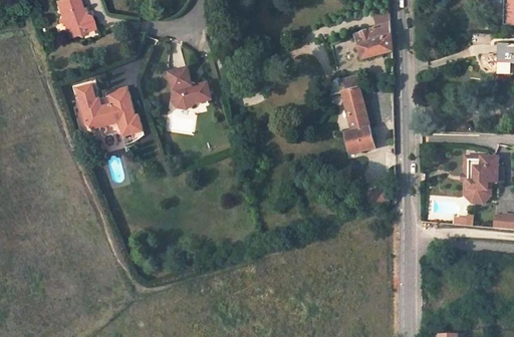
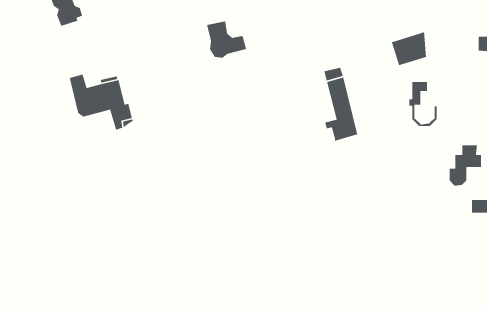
building: [354,23,392,59] -> [391,31,427,66]
building: [168,68,210,107] -> [206,20,247,58]
building: [461,155,491,203] -> [408,81,438,127]

